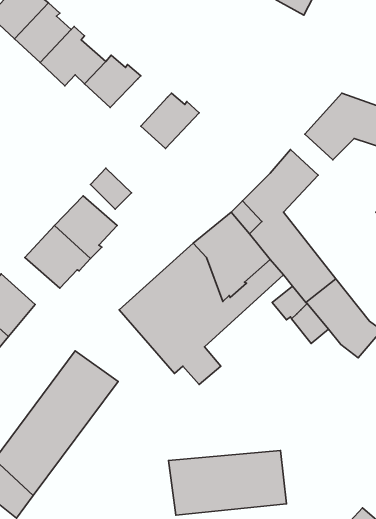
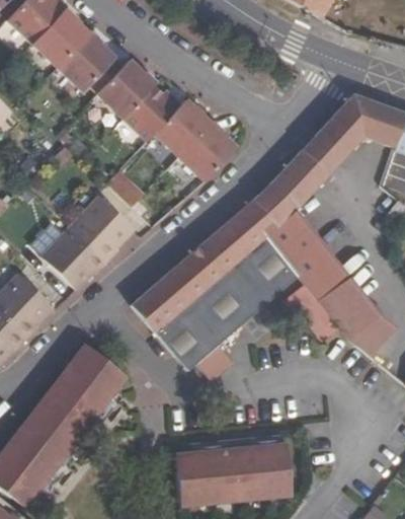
building: none -> [123,78,179,130]
building: none -> [177,112,237,174]
building: none -> [301,133,342,173]

